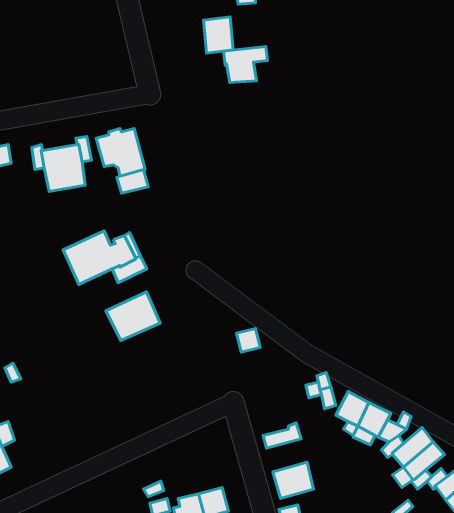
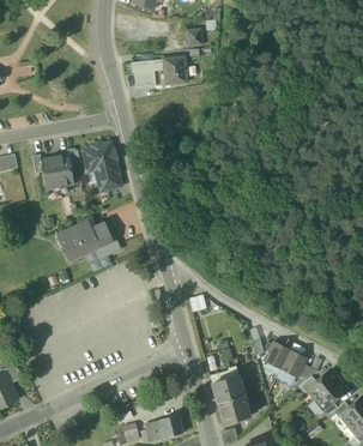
building: [223,46,268,83] -> [131,59,164,86]
building: [106,292,160,341] -> none
building: none -> [211,378,242,403]

